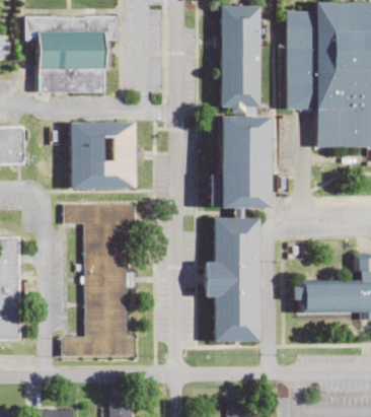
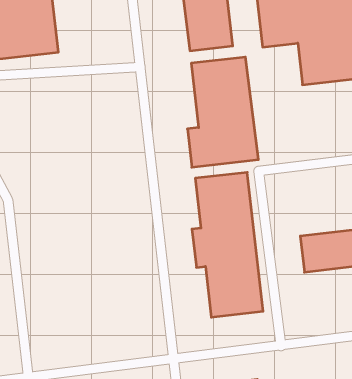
building: [71,123,137,188] -> none
building: [61,204,135,357] -> none

